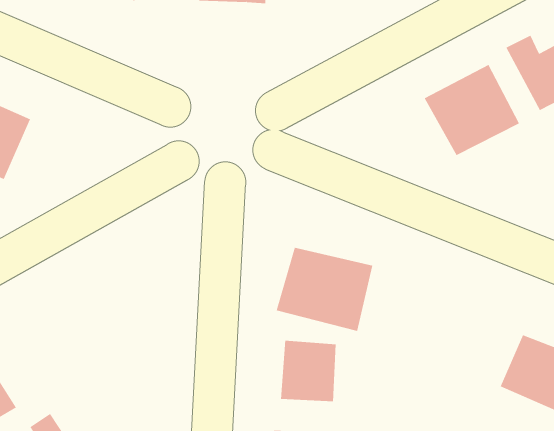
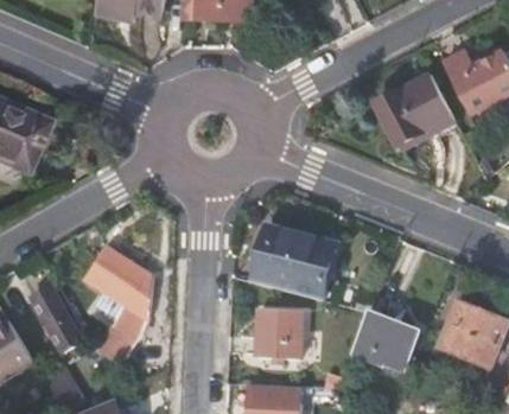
building: none -> [87,248,151,367]
building: none -> [28,285,84,352]
building: none -> [351,313,418,367]

